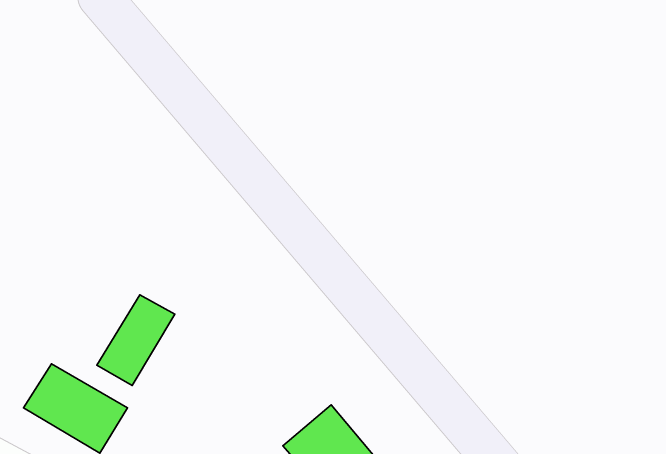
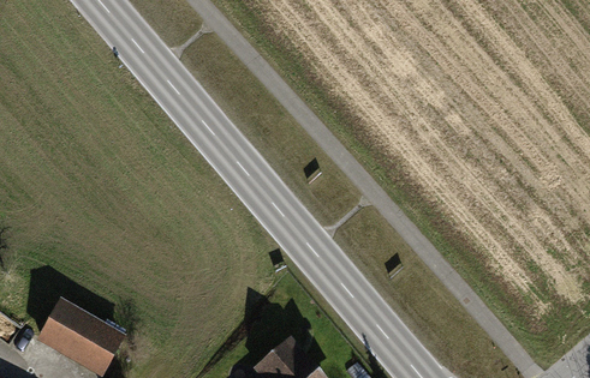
building: [97,295,175,386] -> none

